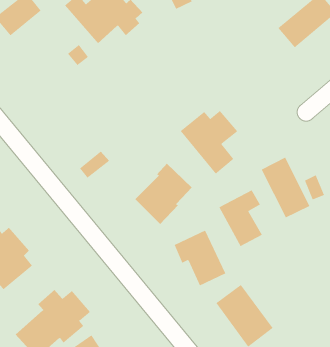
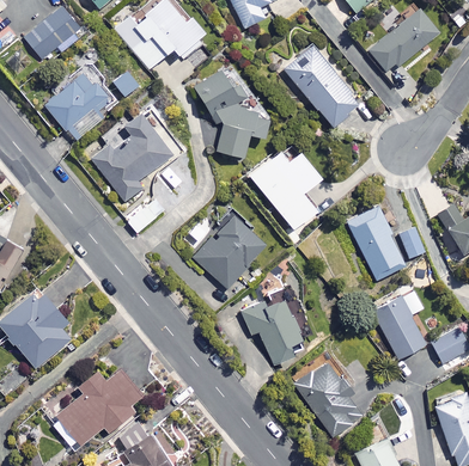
building: none -> [284,45,359,125]
building: none -> [44,67,114,141]
building: none -> [194,70,268,157]
building: none -> [91,108,178,201]
building: [219,190,263,247] -> [372,289,426,358]

